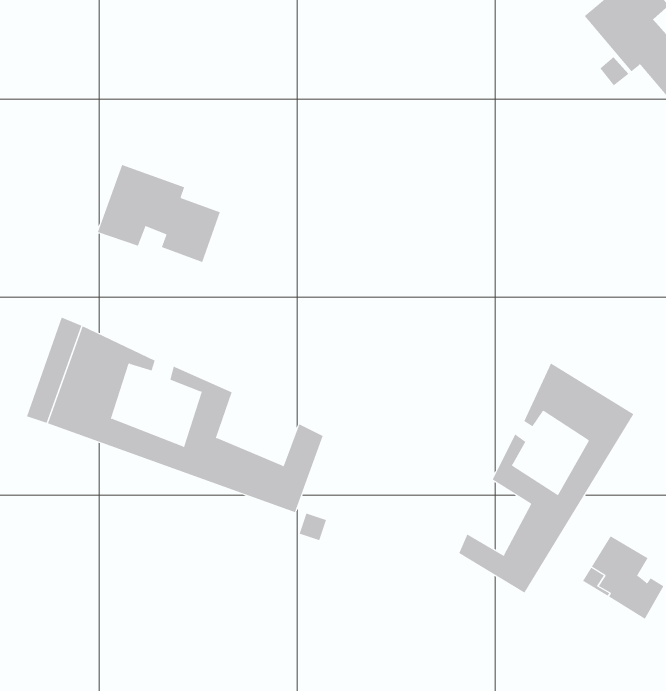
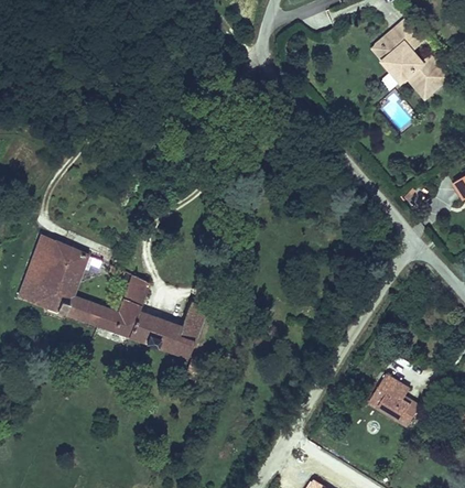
building: [97,164,221,263] -> none
building: [459,363,634,593] -> none

